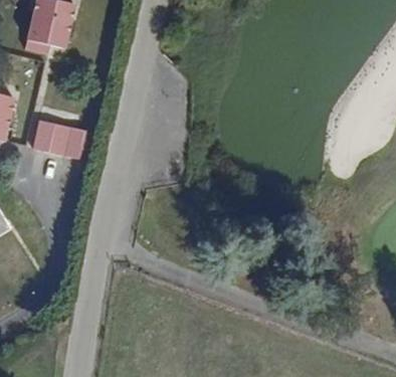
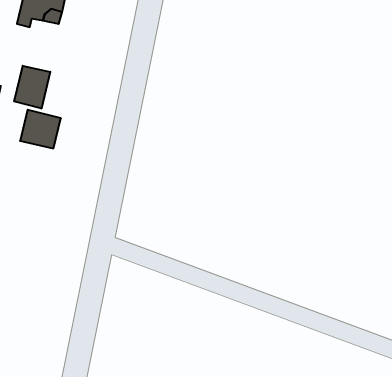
building: none -> [14,66,50,109]

